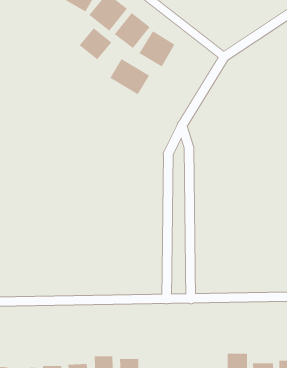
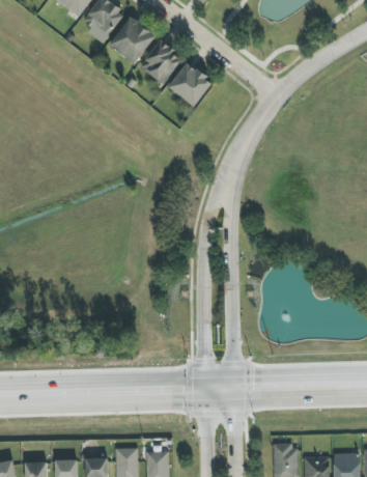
building: [79,27,112,60] -> none
building: [110,58,150,95] -> none

